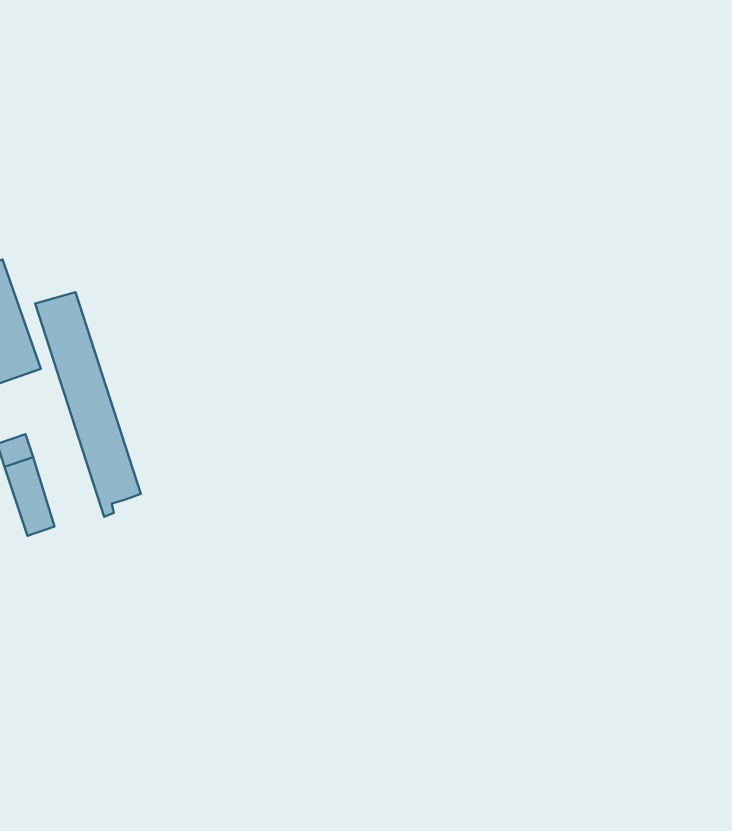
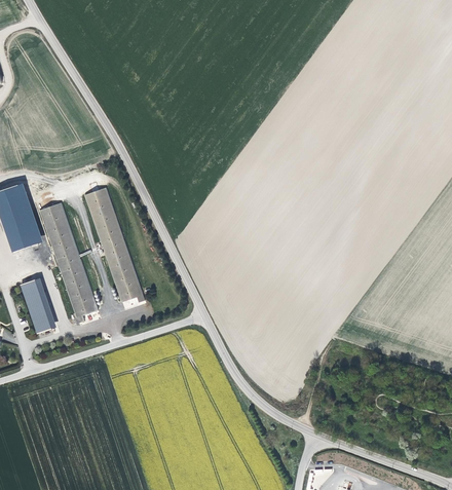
building: none -> [85,187,143,302]

